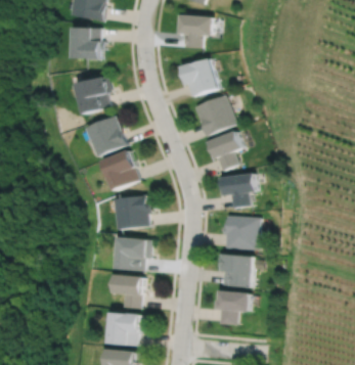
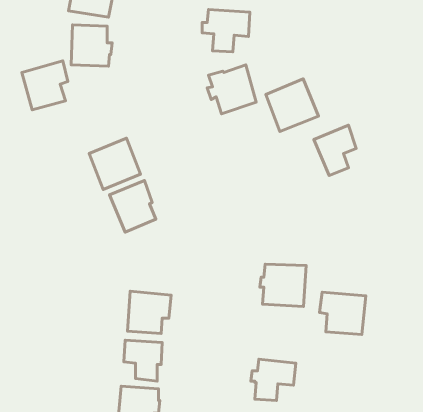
building: [76,75,113,113] -> [22,61,68,110]
building: [194,94,236,136] -> [266,79,319,132]
building: [209,130,242,170] -> [314,125,356,175]
building: [218,173,257,208] -> none
building: [114,195,151,230] -> none
building: [217,254,254,287] -> [319,292,366,334]

